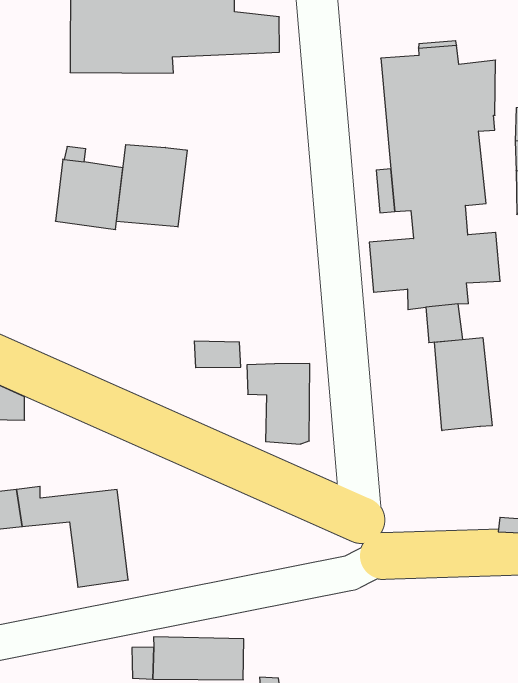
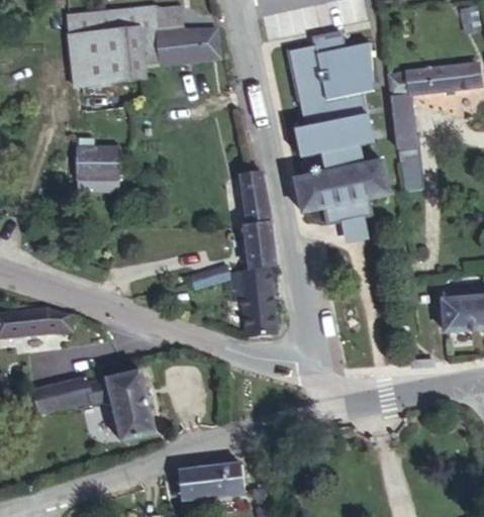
building: [117,145,187,227] -> none
building: none -> [233,165,273,272]
building: [434,338,492,431] -> none

